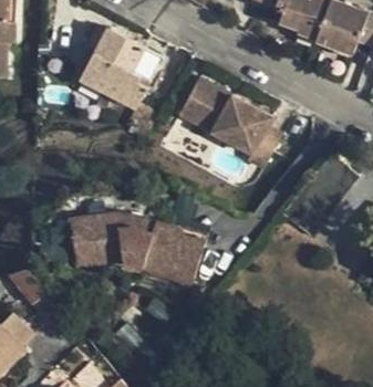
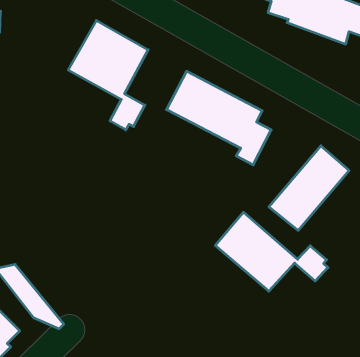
building: [70,210,205,283] -> none
building: none -> [215,212,328,291]

